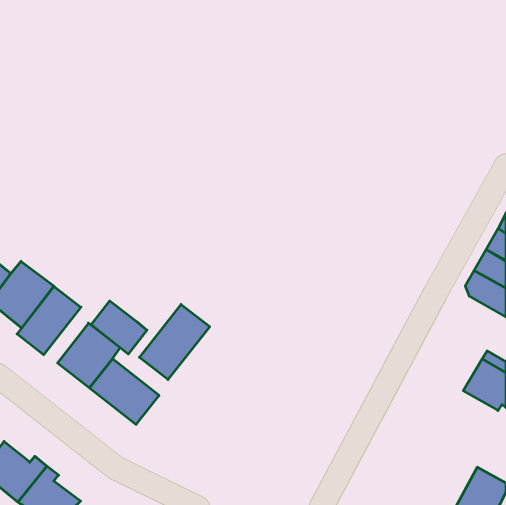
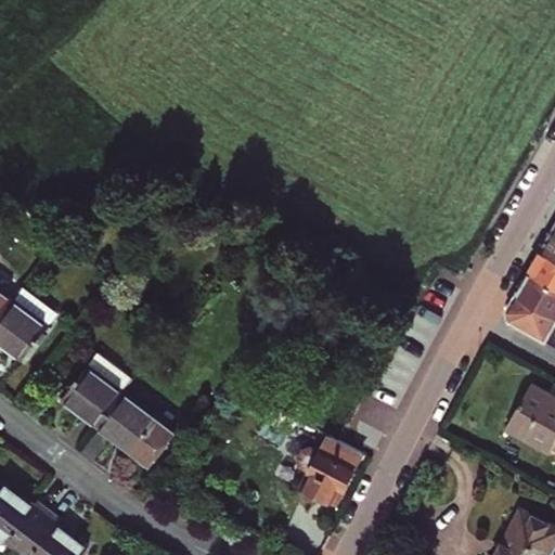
building: [17,287,81,355] -> none
building: [91,301,147,354] -> none
building: [139,304,210,380] -> none
building: none -> [298,441,360,504]

